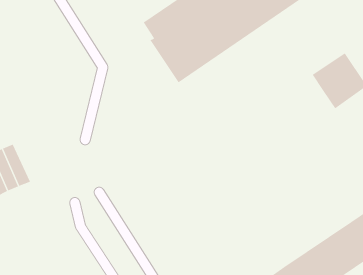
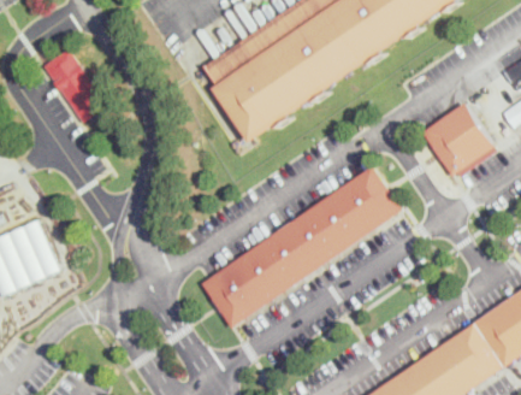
building: none -> [43,51,106,123]
building: none -> [201,169,399,328]

